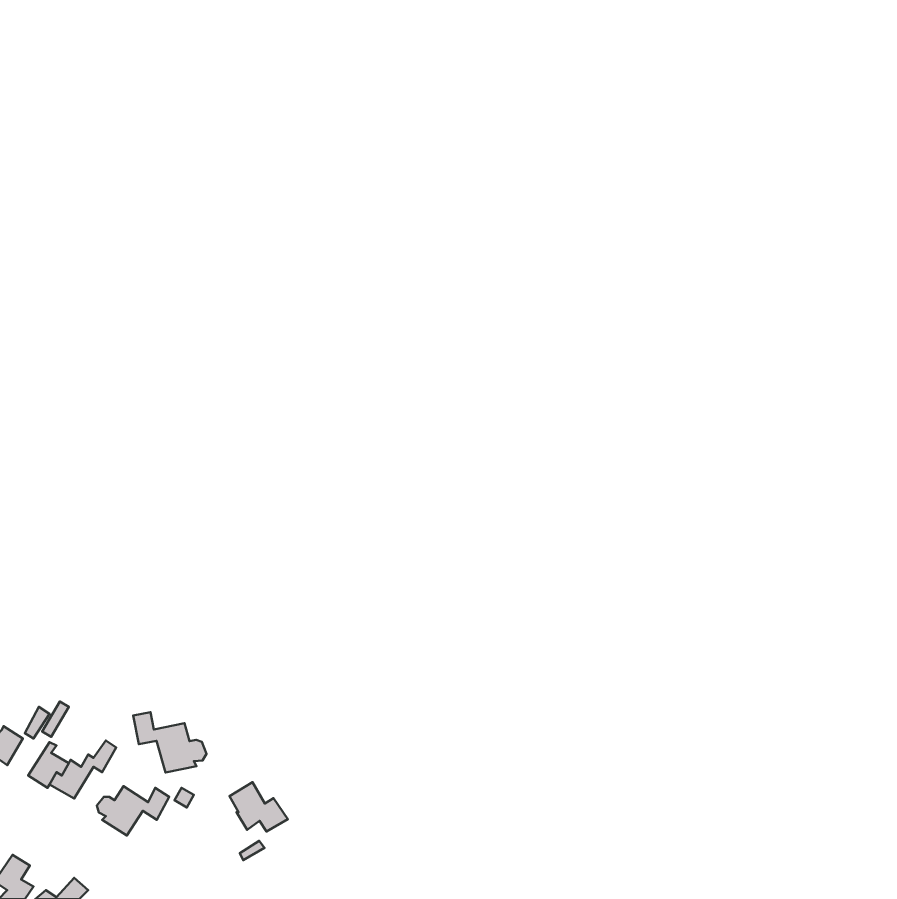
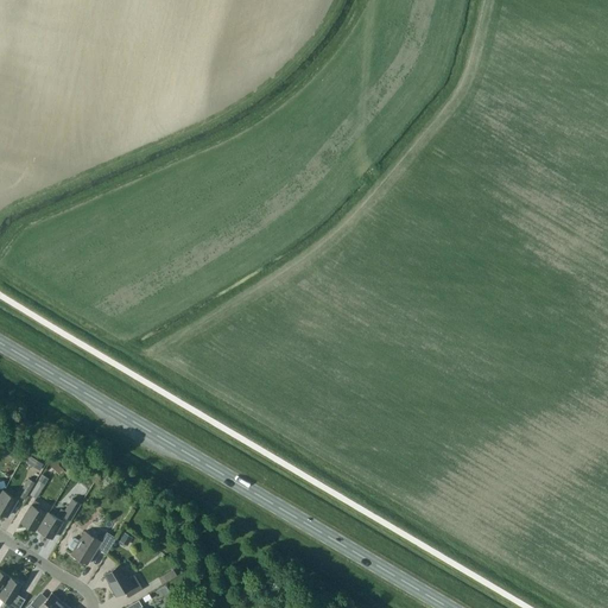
building: [133,712,207,773] -> none
building: [230,782,288,832] -> [102,563,141,596]

